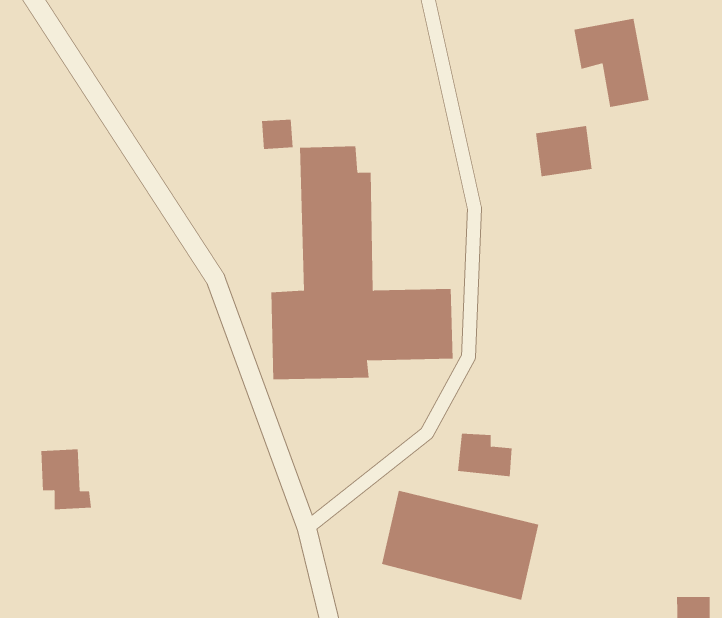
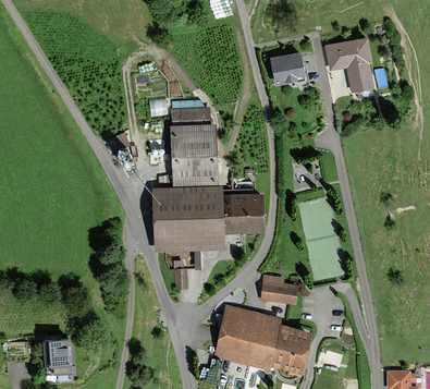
building: [535,125,592,177] -> [272,58,305,87]
building: [40,449,92,510] -> [40,340,70,375]

